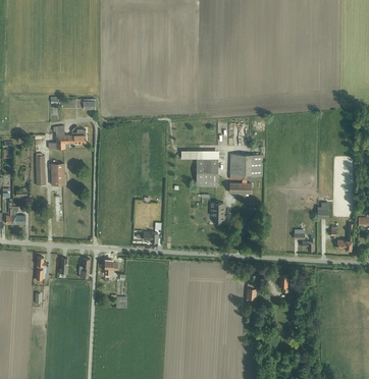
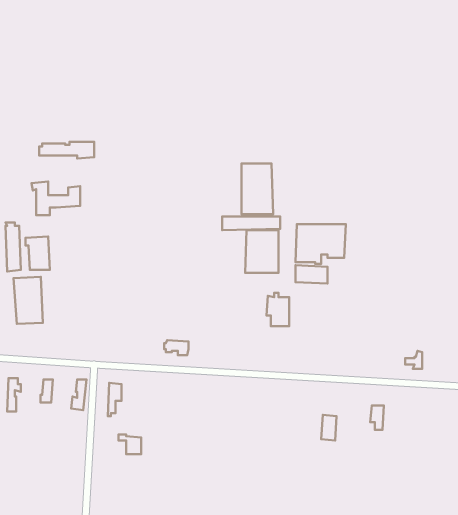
building: none -> [242,163,273,214]
building: none -> [13,277,43,324]

